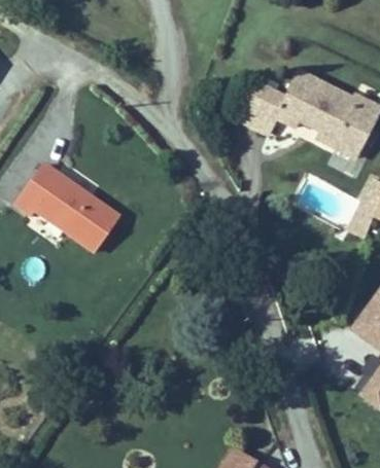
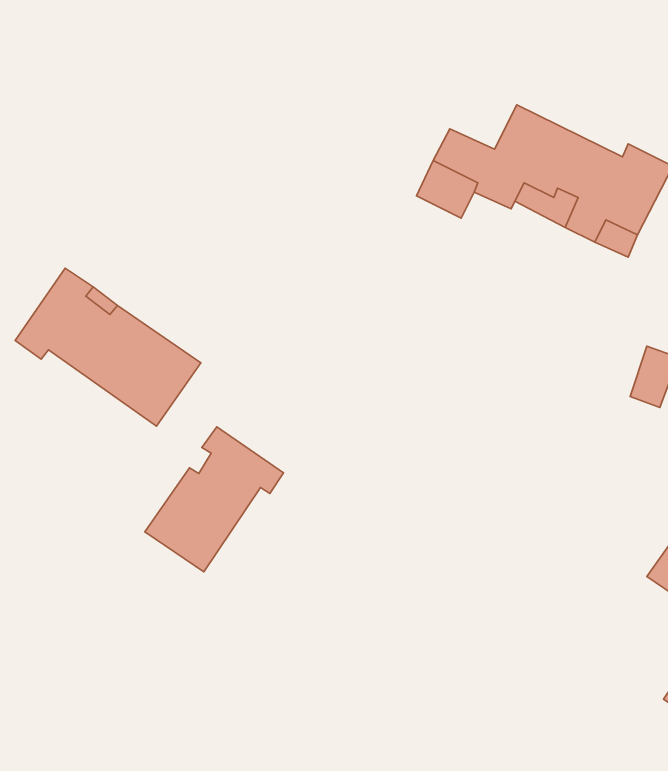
building: none -> [145,427,284,572]

